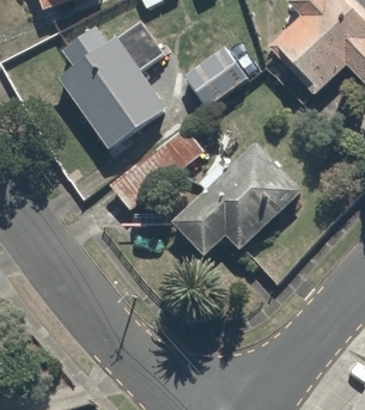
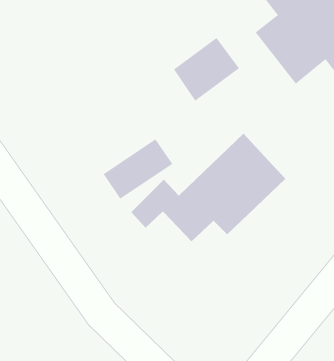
building: [53,24,168,154] -> none

